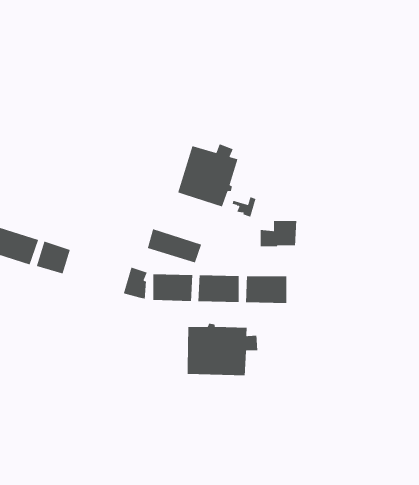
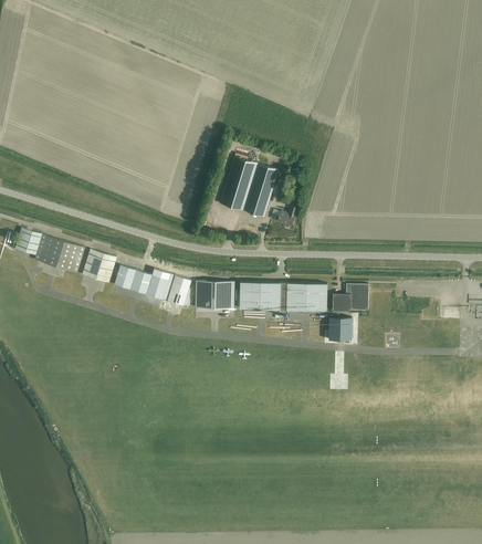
building: [260,220,297,247] -> [332,284,368,311]
building: [147,228,202,263] -> [113,264,167,299]
building: none -> [328,317,352,341]
building: [187,323,258,376] -> none

